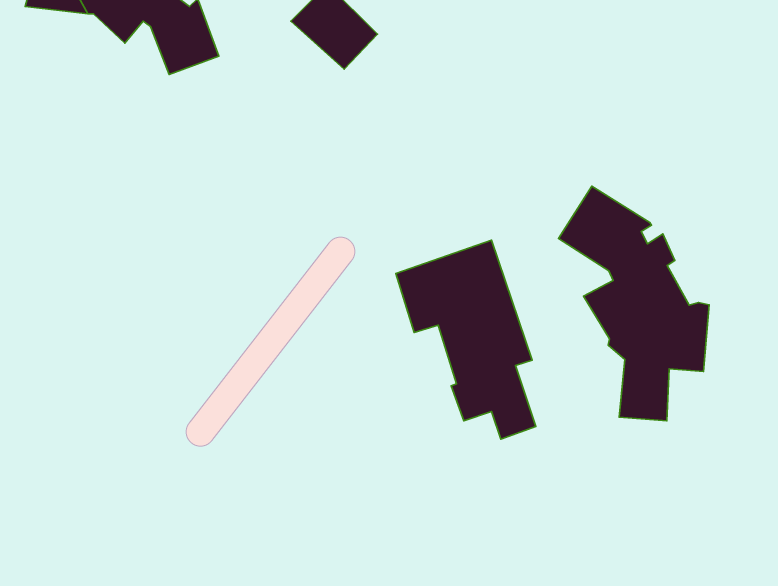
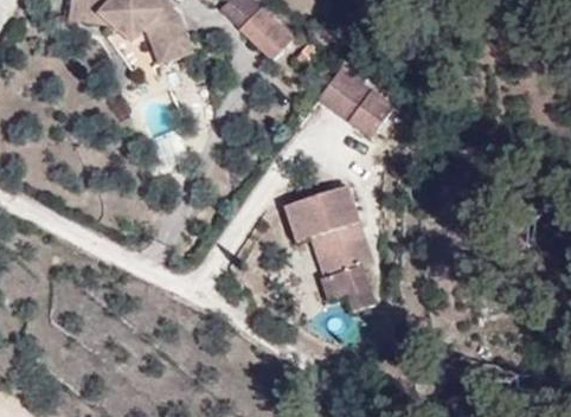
building: none -> [327,62,398,129]
building: [559,186,709,421] -> none

